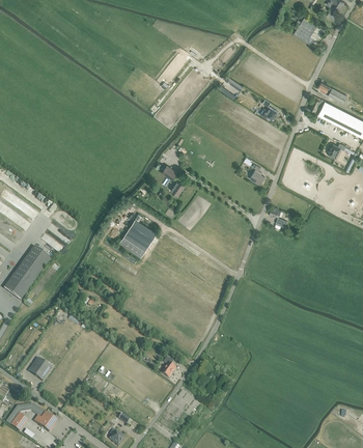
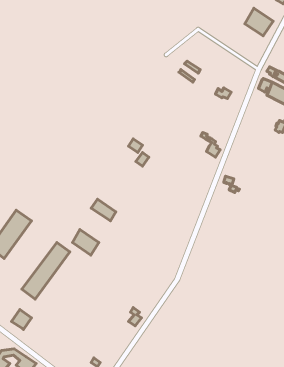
building: [125,218,156,247] -> [72,230,99,255]
building: none -> [22,242,70,299]

